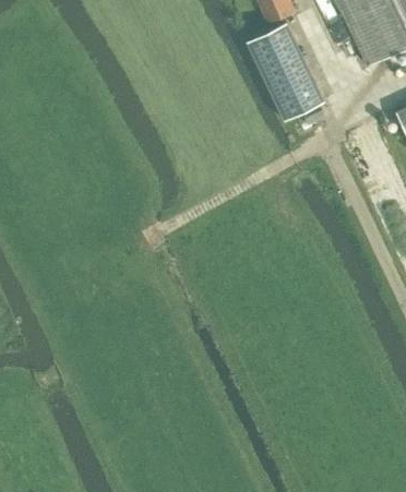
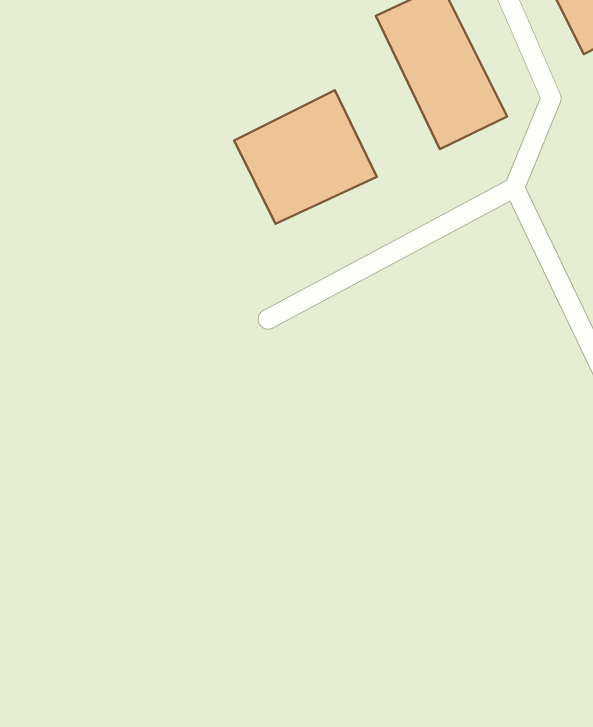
building: none -> [234,90,377,224]

